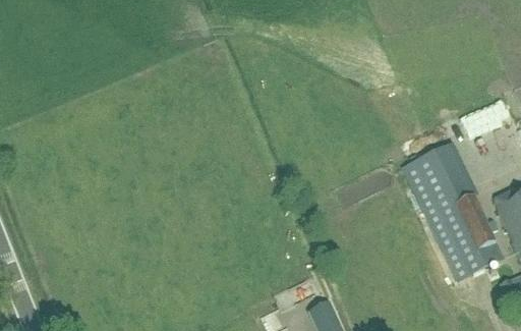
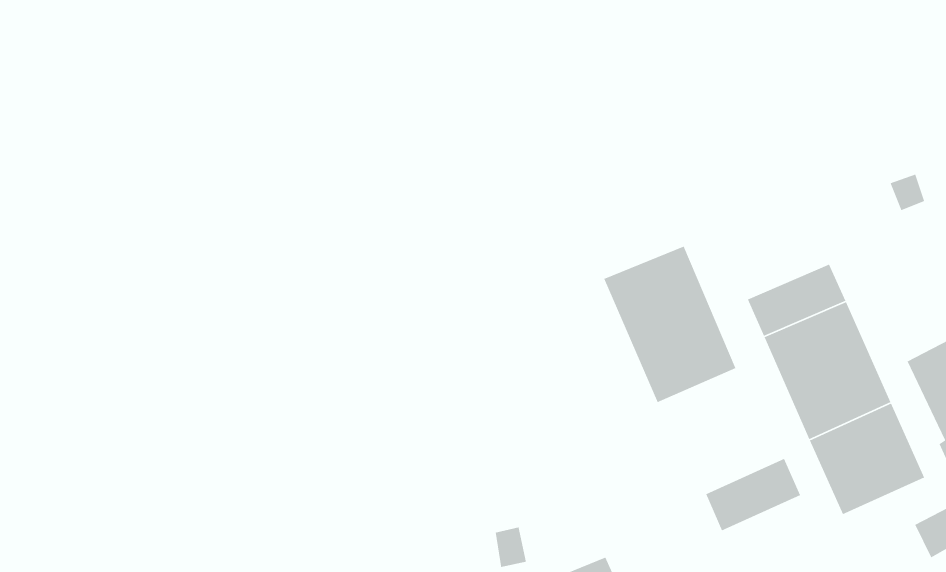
building: none -> [603,245,737,403]
building: none -> [705,458,801,532]

